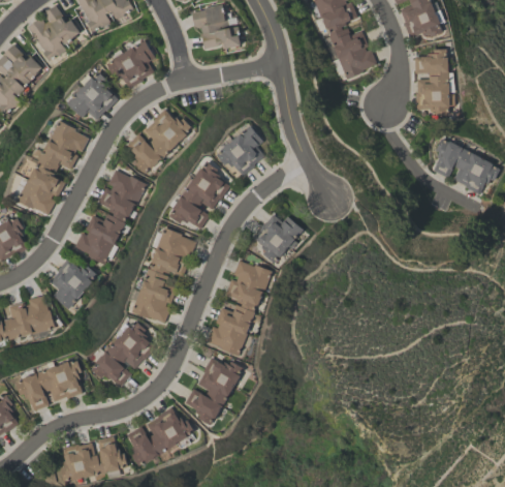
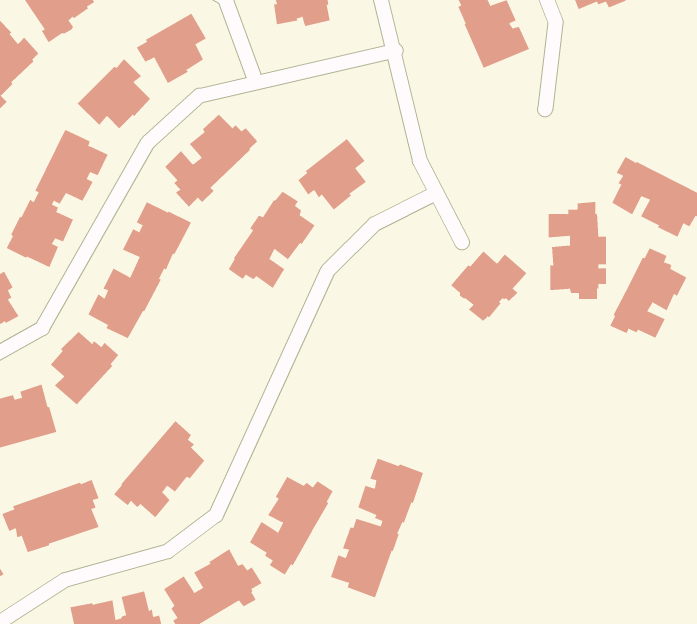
building: [414,49,454,116] -> [548,202,607,300]
building: none -> [609,248,687,339]
building: [250,214,303,263] -> [450,251,527,322]
building: [132,227,195,323] -> none
building: [207,261,271,357] -> [330,458,424,598]

